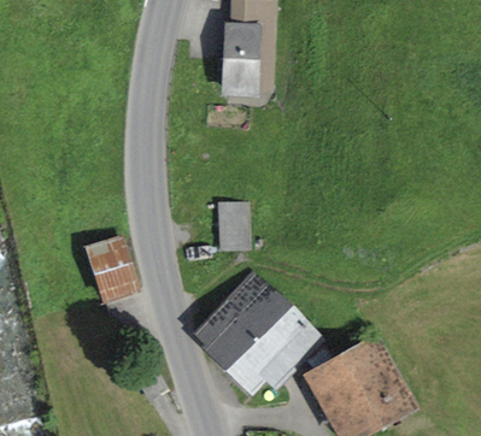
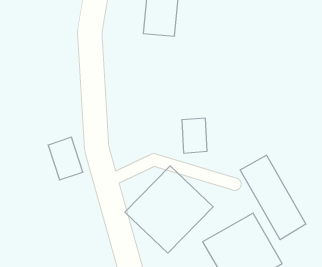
building: [216,201,251,249] -> [182,118,207,153]
building: none -> [240,155,306,240]

